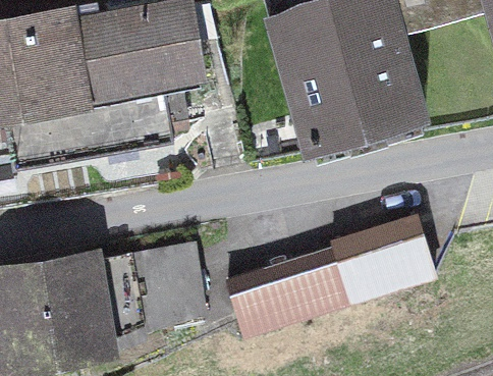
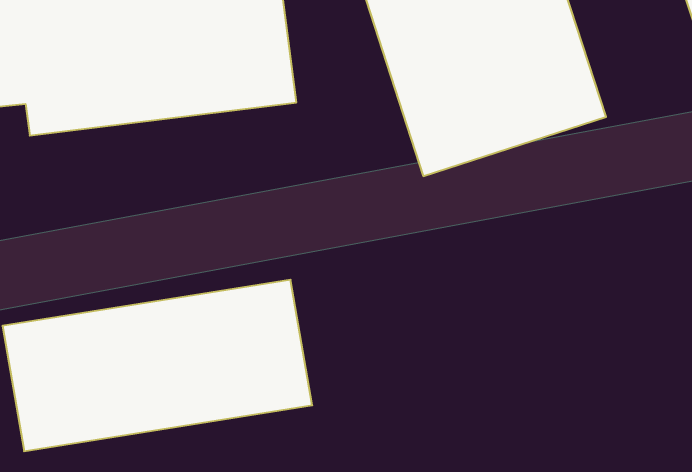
building: [243,211,458,333] -> none

